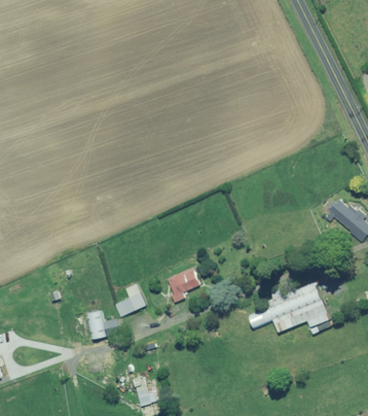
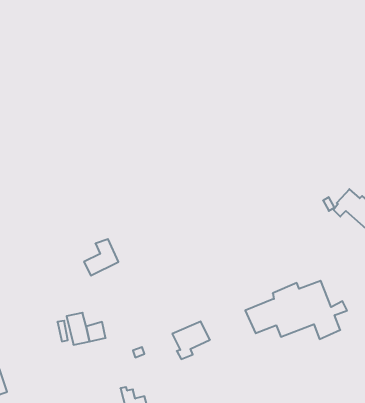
building: [167,268,200,302] -> [172,321,210,359]
building: [114,284,145,317] -> [84,239,118,276]

